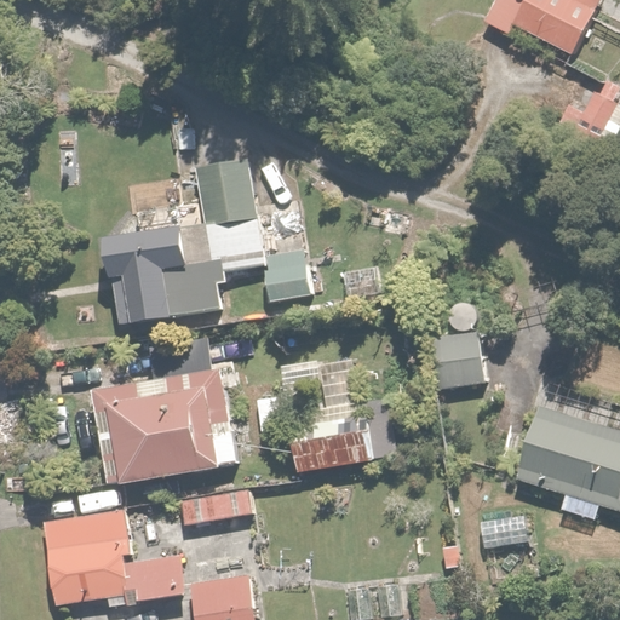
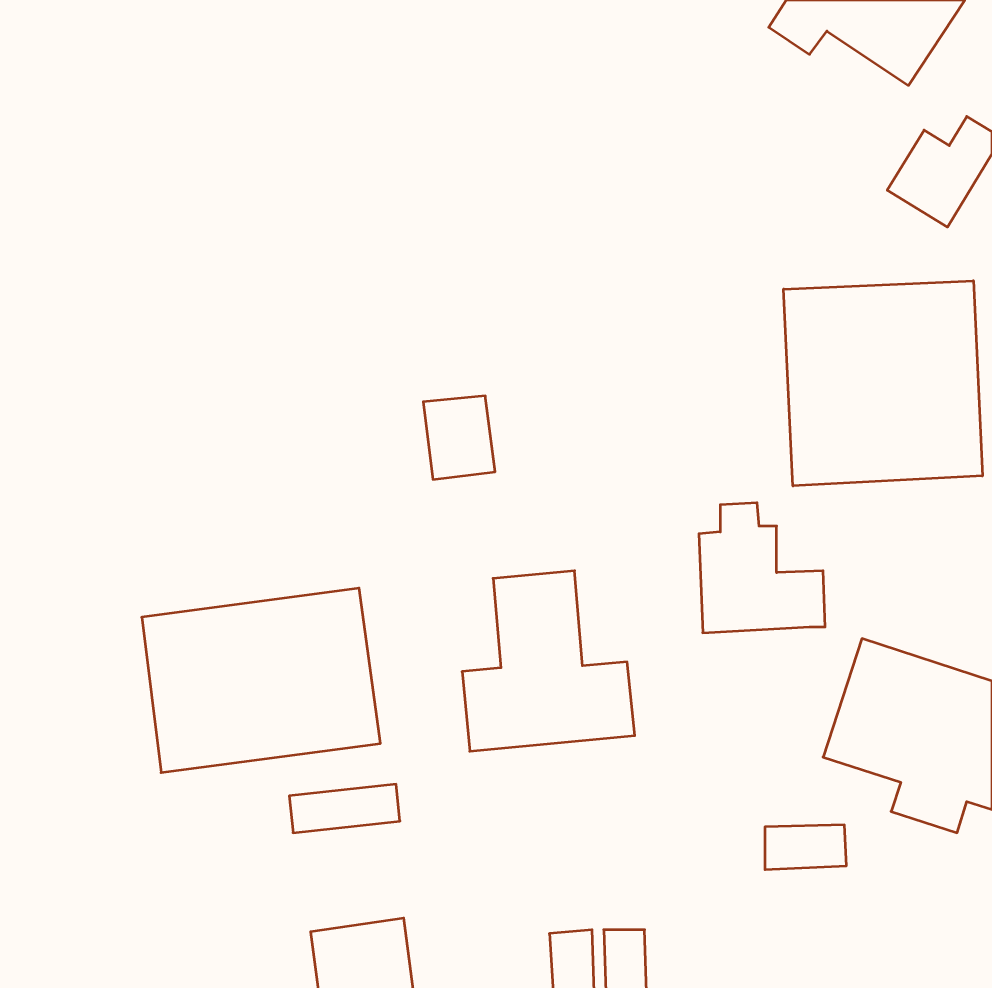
building: [104,159,259,318] -> none
building: none -> [784,281,982,486]
building: [46,512,186,607] -> none

